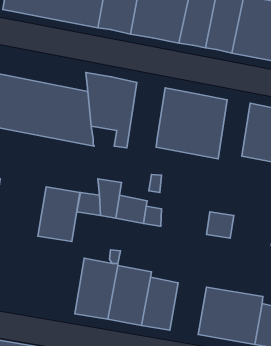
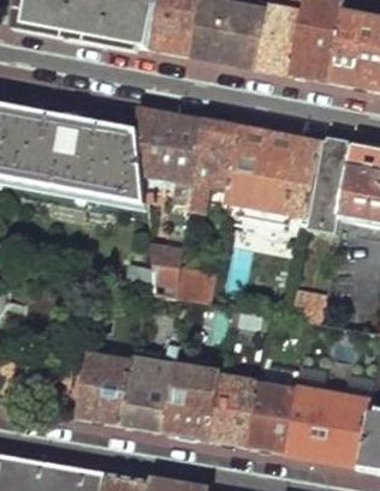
building: none -> [189,120,239,214]
building: none -> [307,143,351,238]
building: [38,187,80,242] -> [76,353,131,425]
building: none -> [245,384,293,453]

